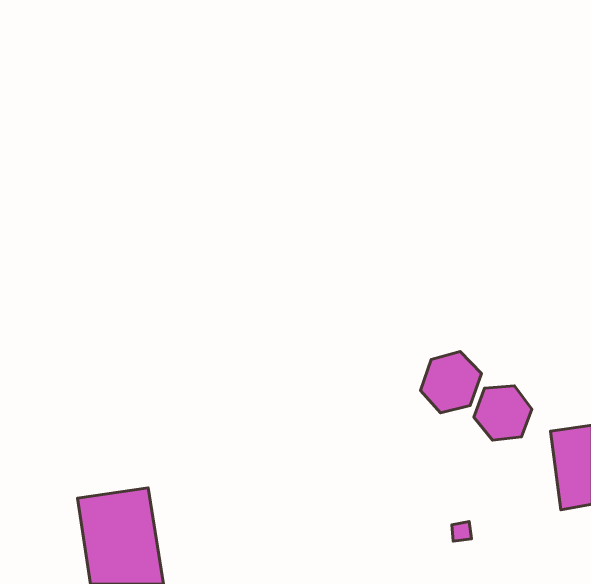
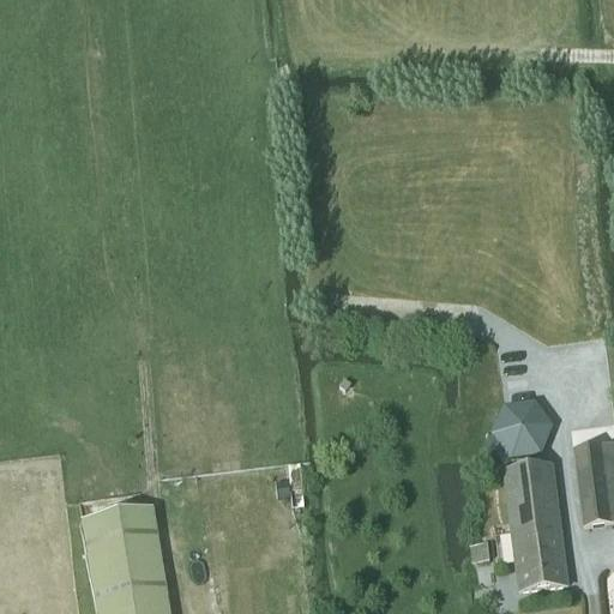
building: [420,351,482,413] -> none
building: none -> [502,460,567,589]

